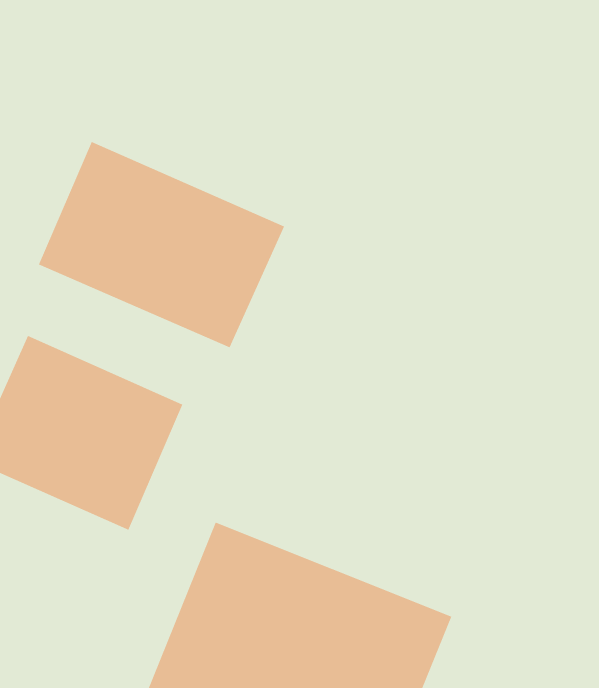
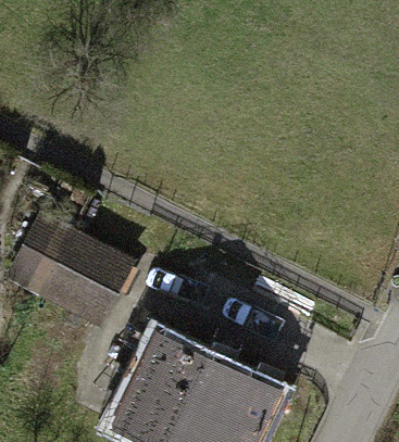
building: [38,141,285,348] -> none

